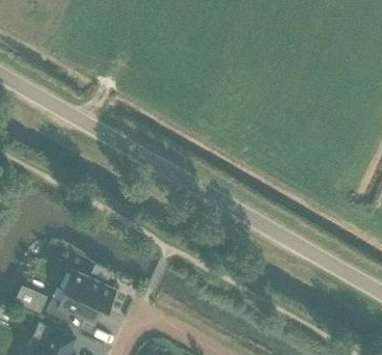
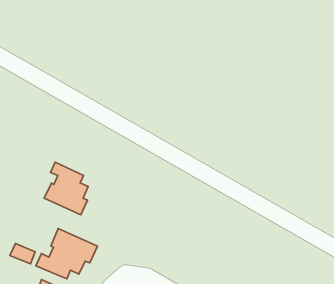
building: none -> [44,162,88,215]

